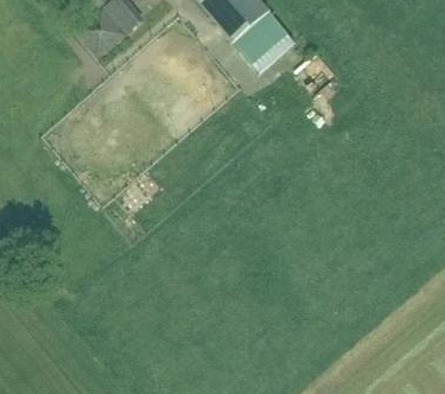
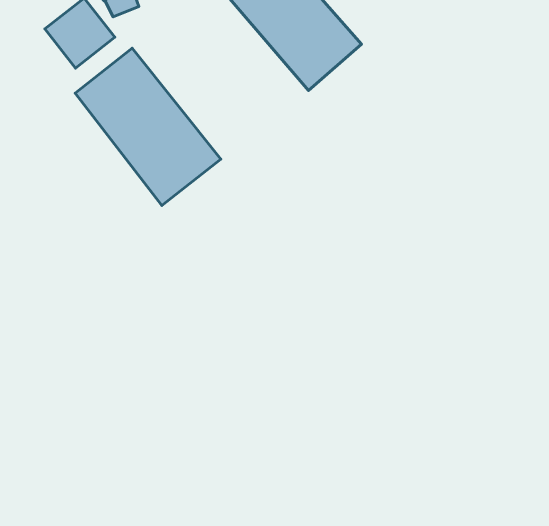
building: none -> [75,48,221,205]

